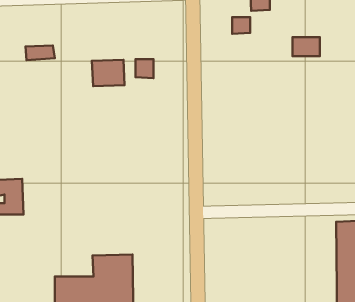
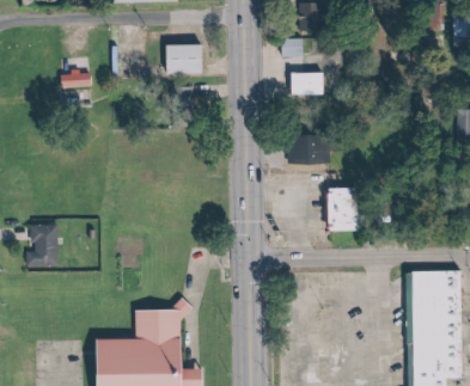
building: [292,37,320,56] -> [299,73,330,94]
building: [92,60,125,86] -> [175,44,212,74]
building: none -> [277,133,322,160]
building: none -> [319,185,355,228]

